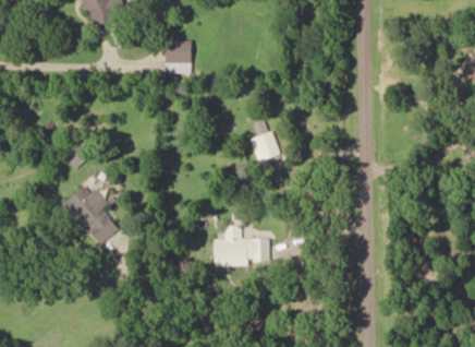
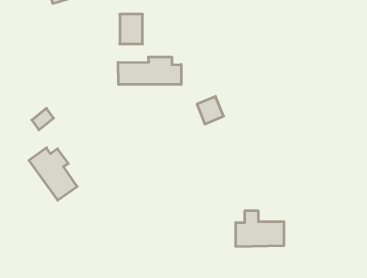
building: none -> [118,57,181,85]
building: [215,226,268,265] -> [236,211,284,246]

